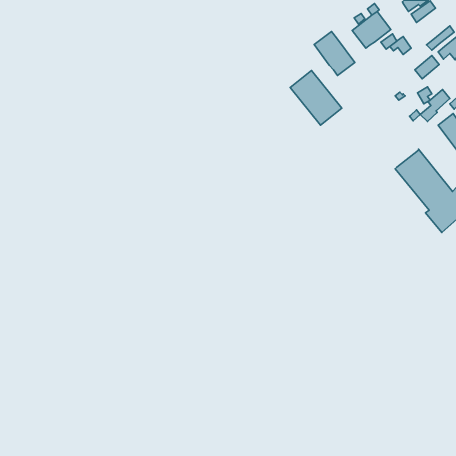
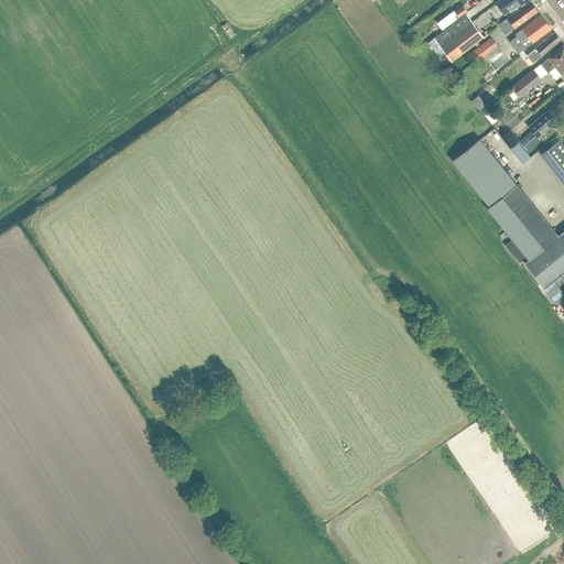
building: none -> [510,15,552,54]
building: [314,32,355,76] -> none
building: [290,71,342,125] -> [453,140,517,207]

